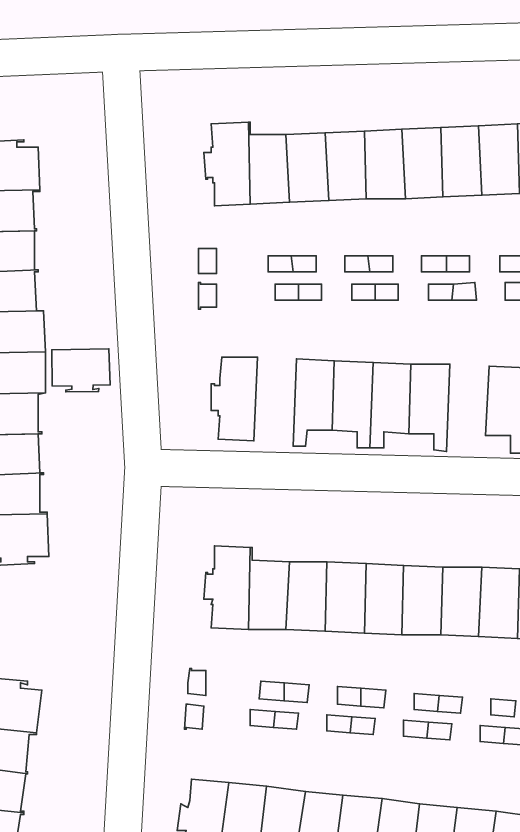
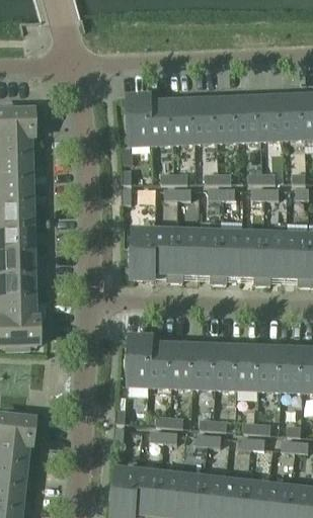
building: [52,349,110,392] -> none
building: none -> [153,231,177,281]
building: none -> [262,235,287,284]

